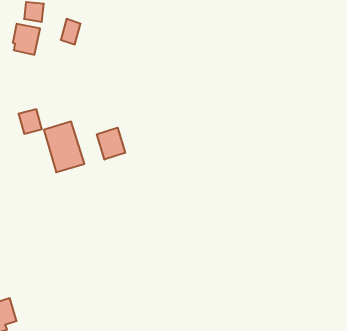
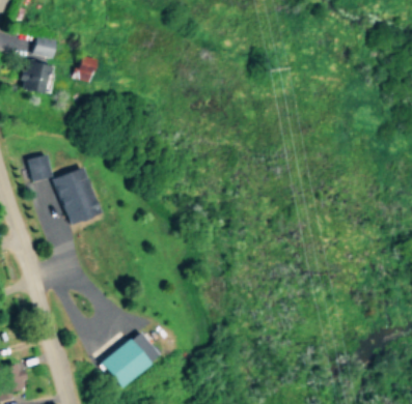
building: [97,128,125,160] -> none
building: none -> [102,330,162,388]

